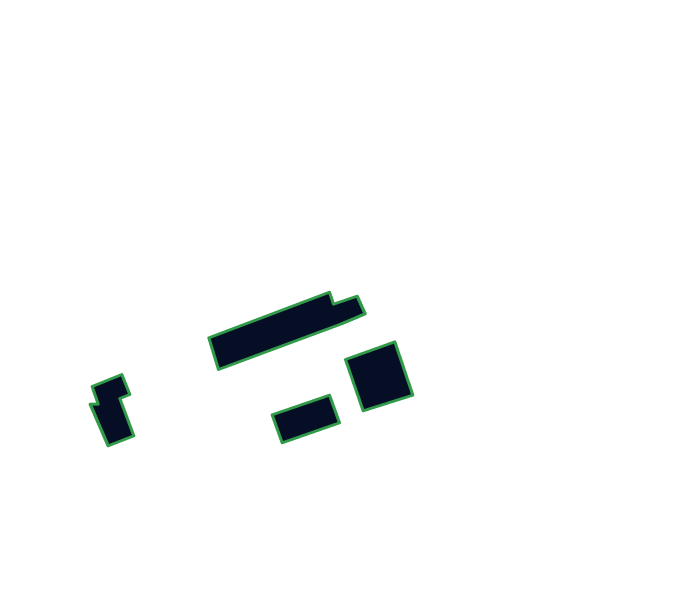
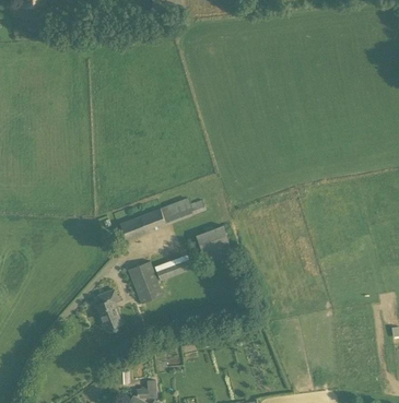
building: [90,375,134,446] -> [95,288,119,328]
building: none -> [126,261,161,304]

